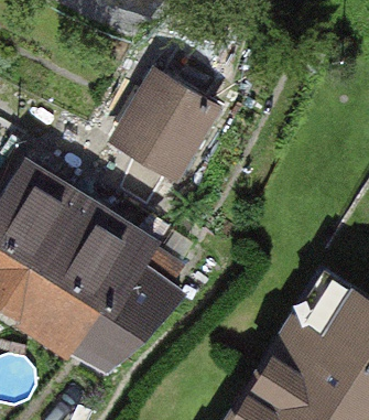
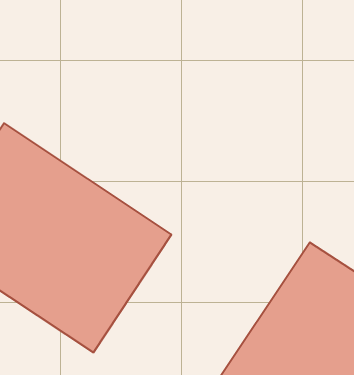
building: [110,74,198,170] -> none

